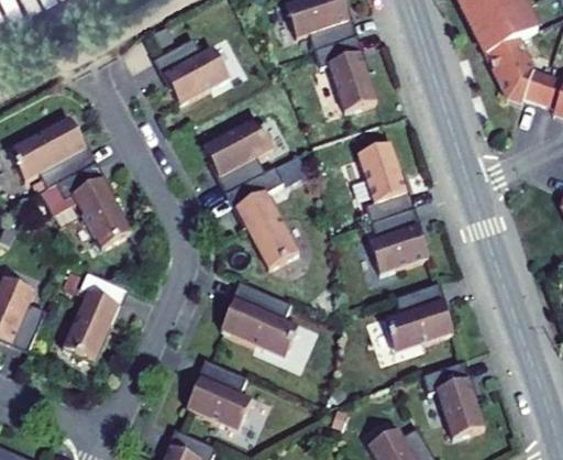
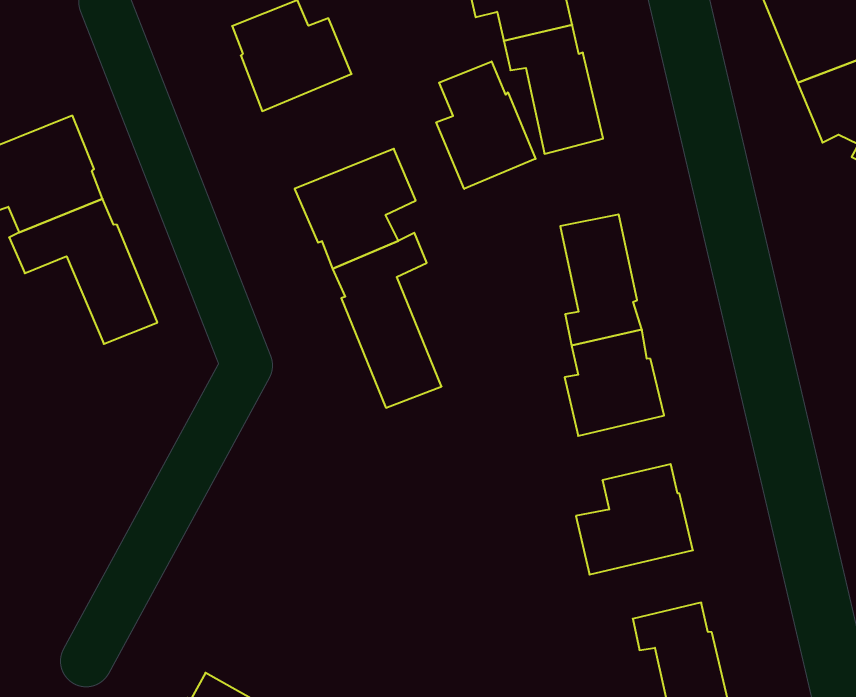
building: none -> [436,61,536,189]
building: [63,271,123,361] -> none
building: [221,283,298,357] -> none
building: [186,360,251,429] -> none

